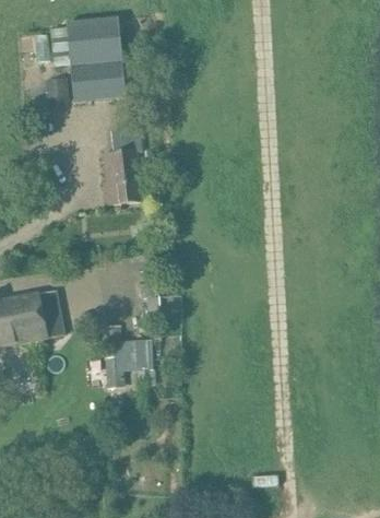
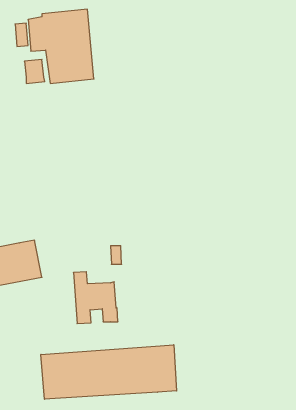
building: [102,126,141,203] -> none
building: none -> [41,345,177,399]

